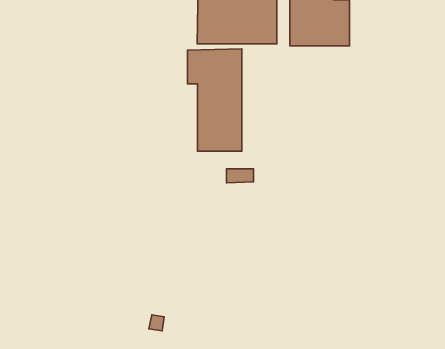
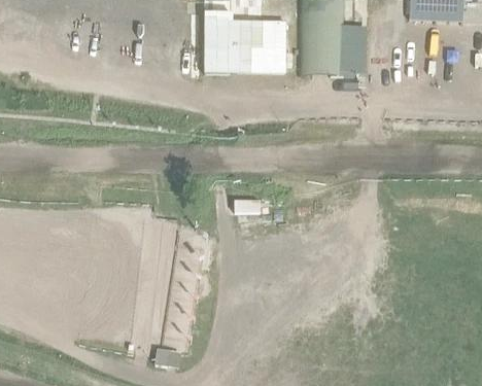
building: [188,49,242,151] -> none

